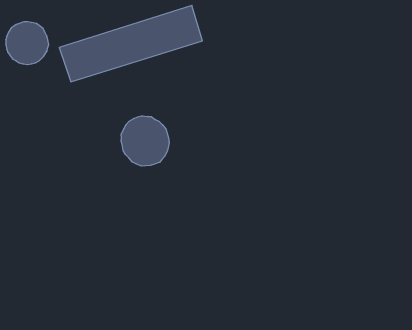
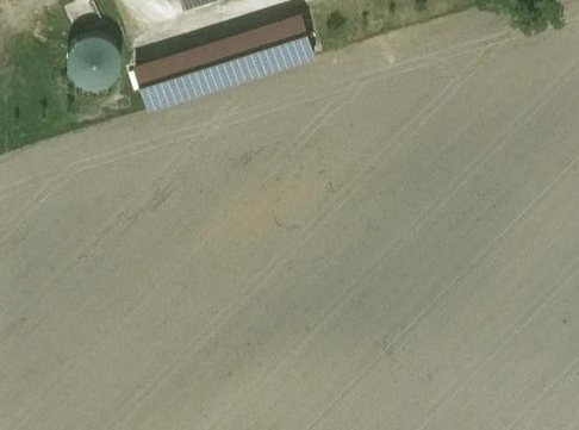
building: [121,116,169,166] -> none

